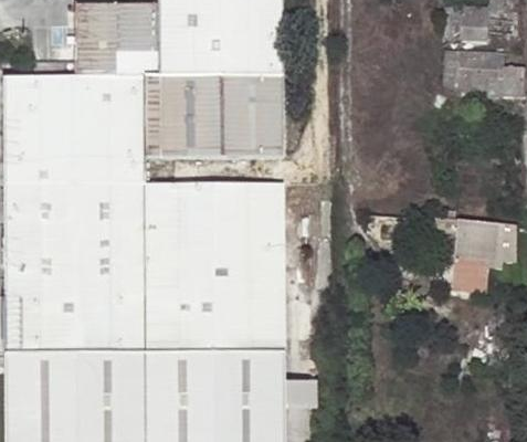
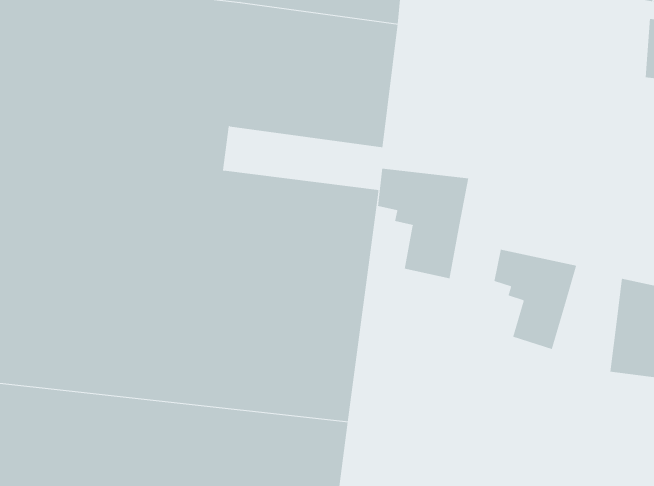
building: none -> [378,168,469,279]
building: none -> [494,249,577,350]

